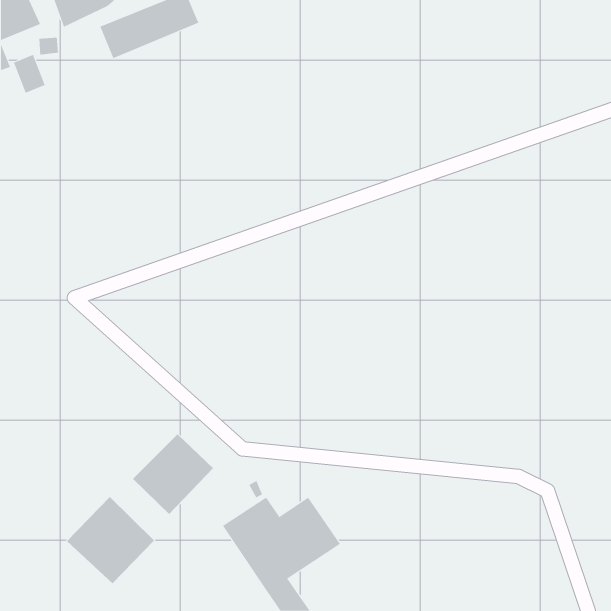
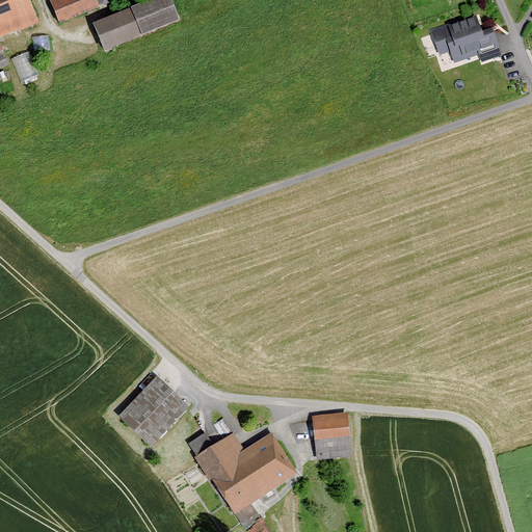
building: none -> [431,16,501,62]
building: none -> [311,409,350,456]
building: [66,496,155,584] -> none

